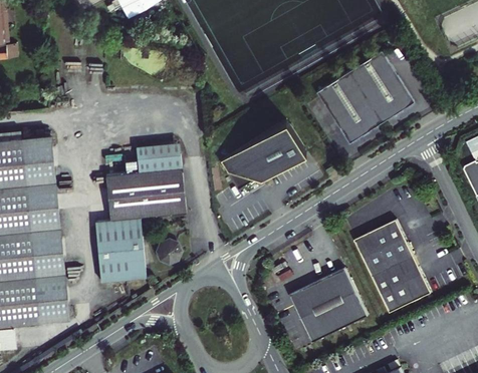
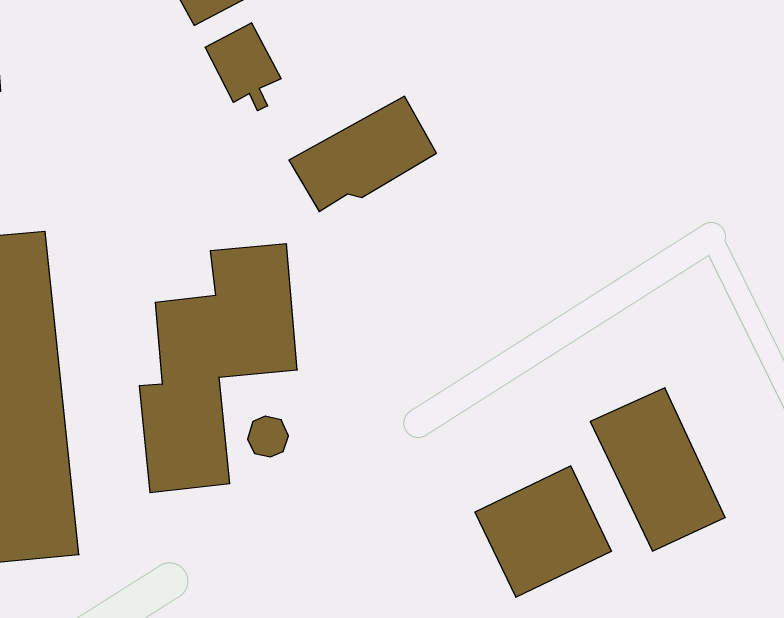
building: none -> [205,23,281,111]
building: [315,53,414,145] -> none
building: [223,121,306,186] -> [289,96,436,212]

